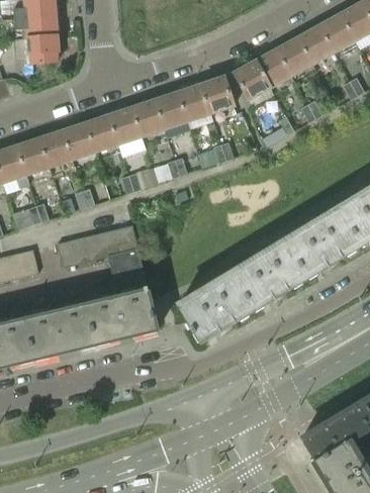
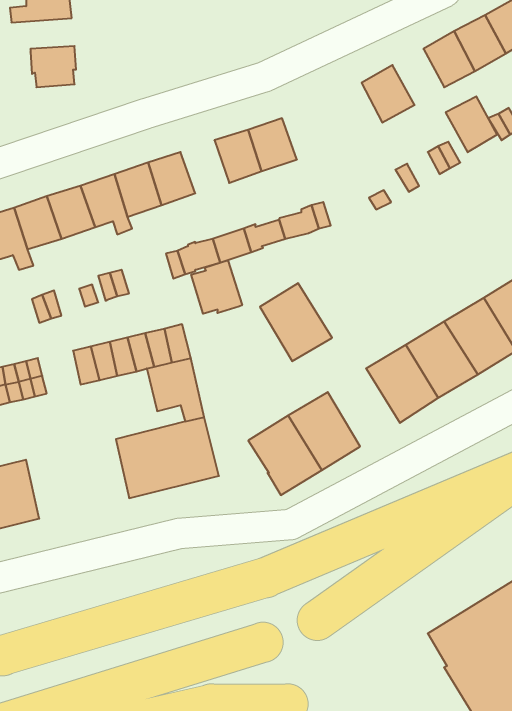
building: [14,15,58,38] -> none
building: [276,36,311,75] -> [446,96,497,152]
building: [234,60,269,98] -> none
building: [200,76,234,112] -> none
building: [130,99,164,135] -> none
building: none -> [191,260,242,314]
building: [232,256,281,309] -> [260,283,332,361]
building: [24,304,95,359] -> none

